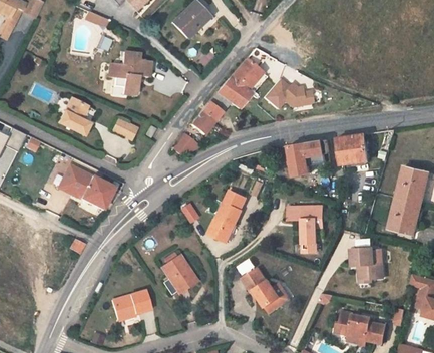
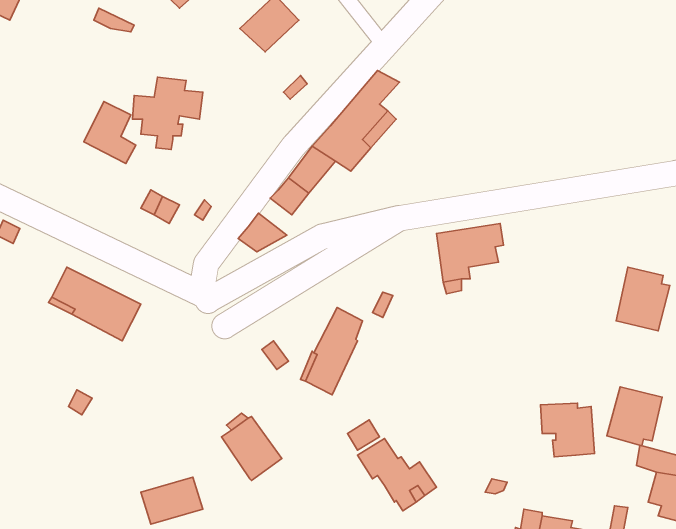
building: [263,79,313,108] -> none
building: [59,98,90,135] -> [84,101,136,164]
building: [338,133,369,164] -> none
building: [389,198,422,233] -> [607,387,662,446]
building: [289,206,324,251] -> none

